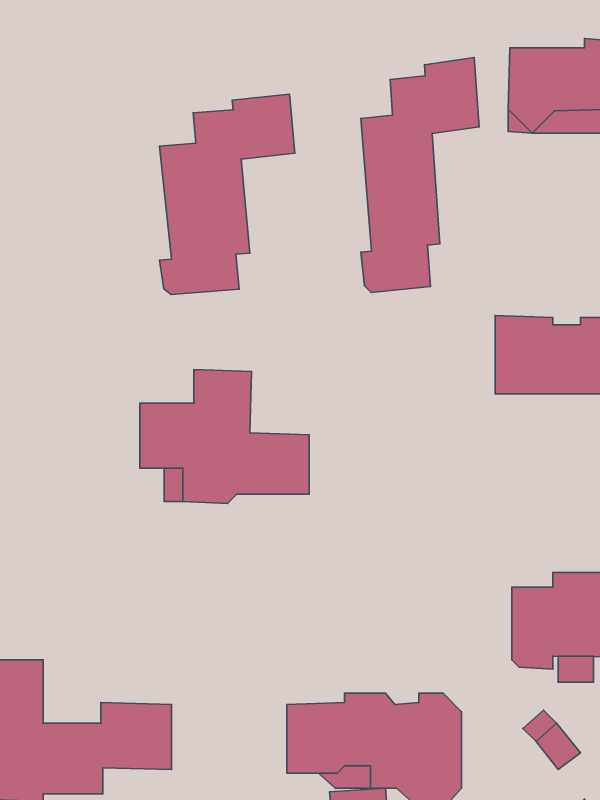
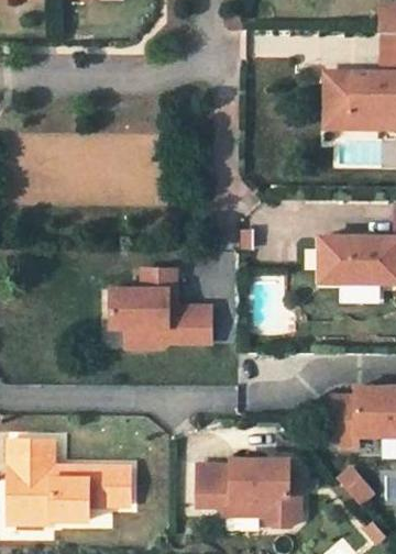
building: [361,58,479,293] -> none
building: [159,94,295,295] -> none

